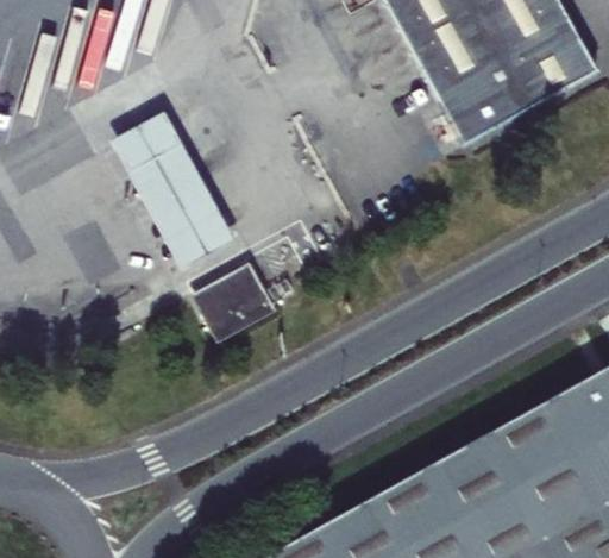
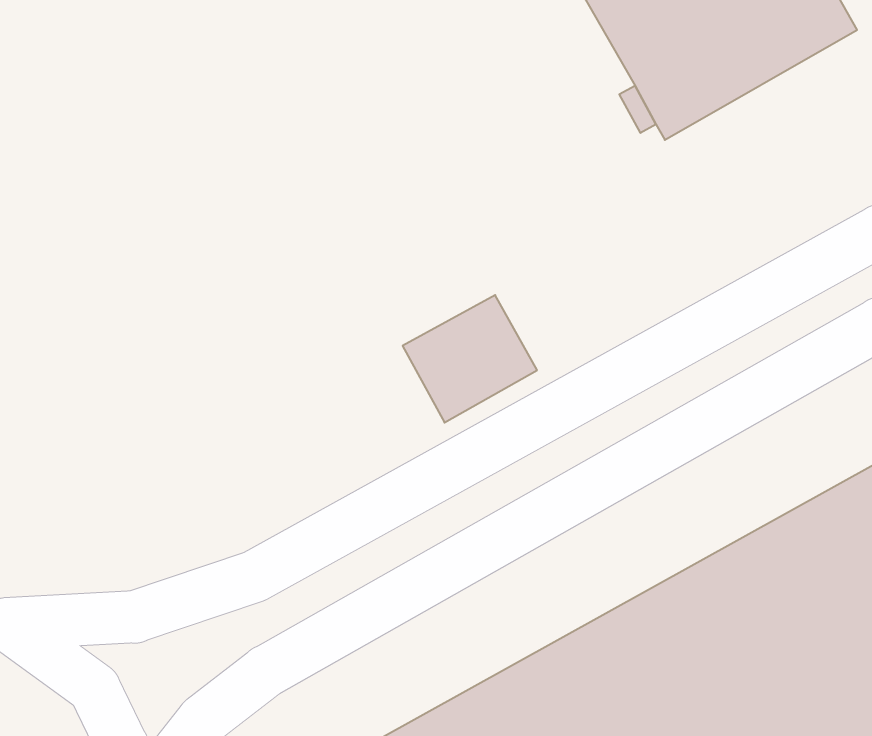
building: [111,112,236,271] -> none
building: [189,259,281,346] -> [403,295,537,423]

